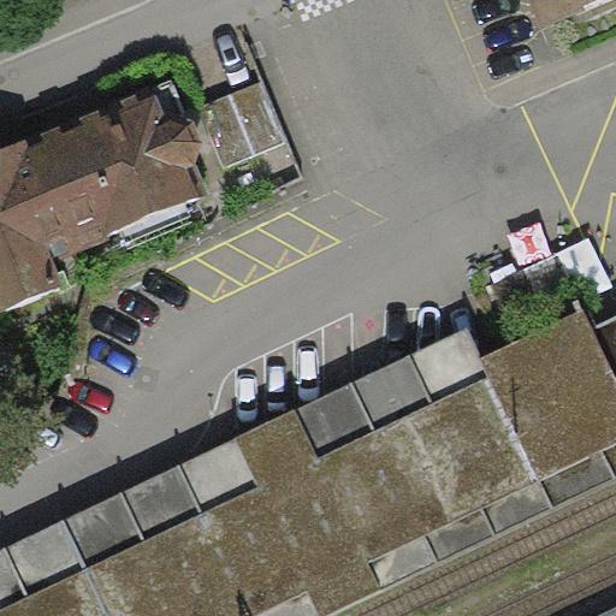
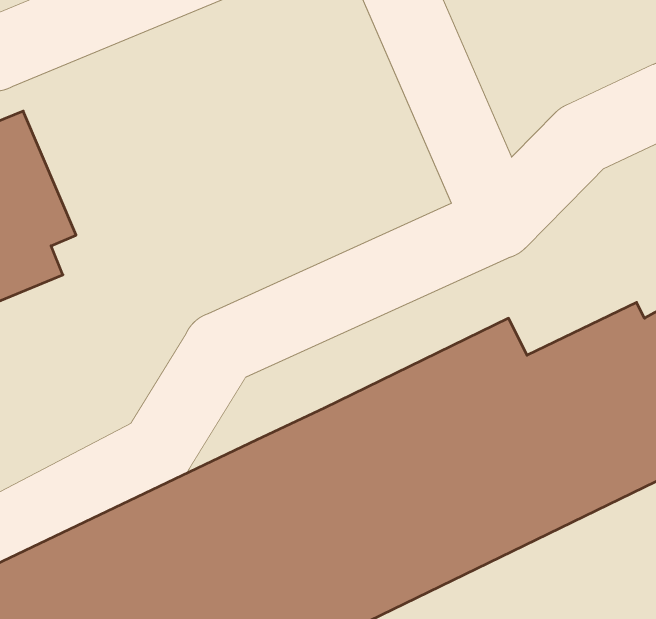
building: [199,82,286,167] -> none
building: [24,87,200,253] -> none

